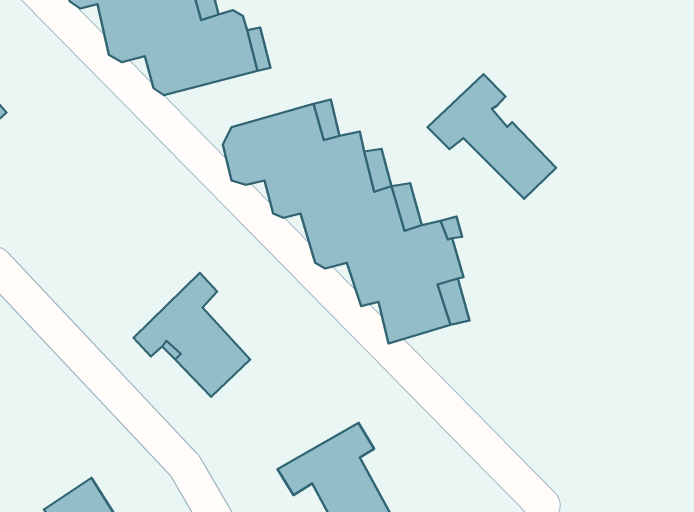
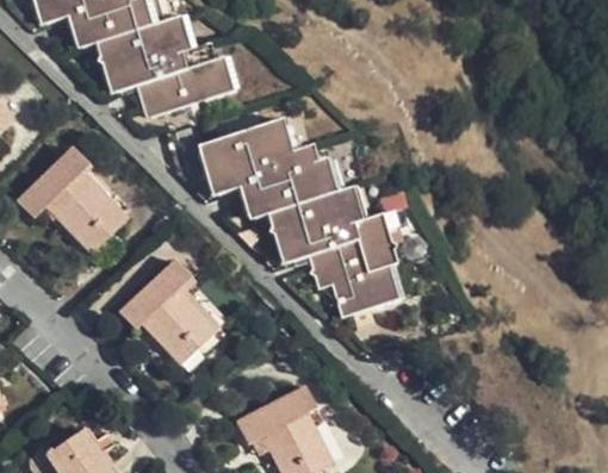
building: [428,74,556,199] -> none
building: none -> [21,153,129,260]

